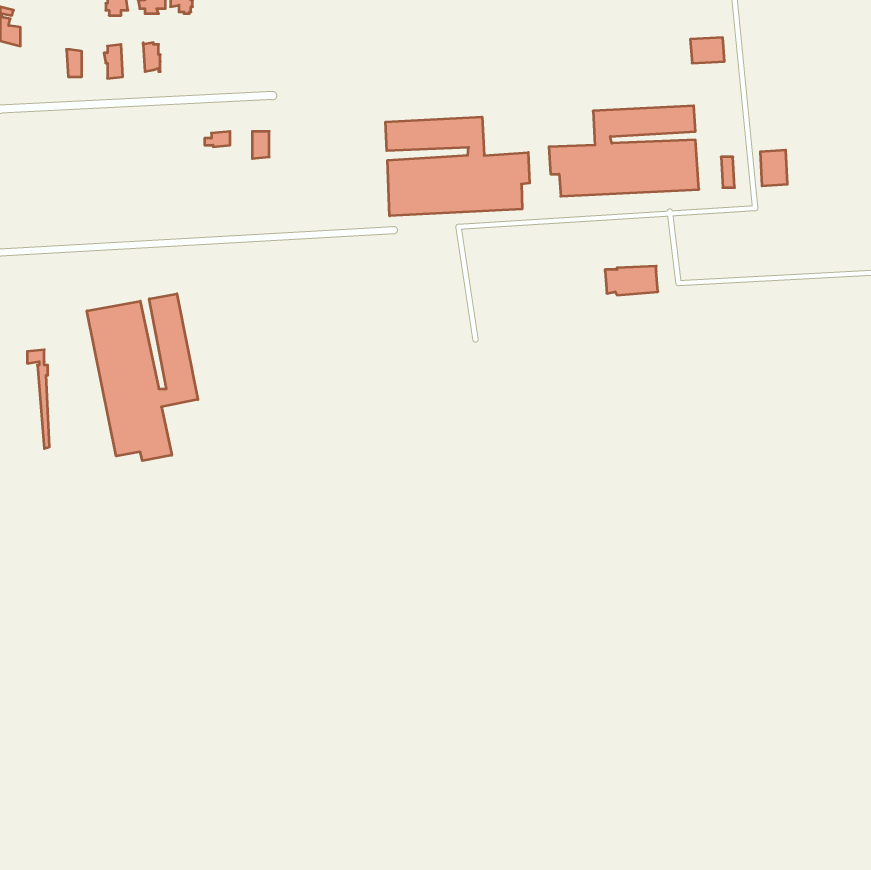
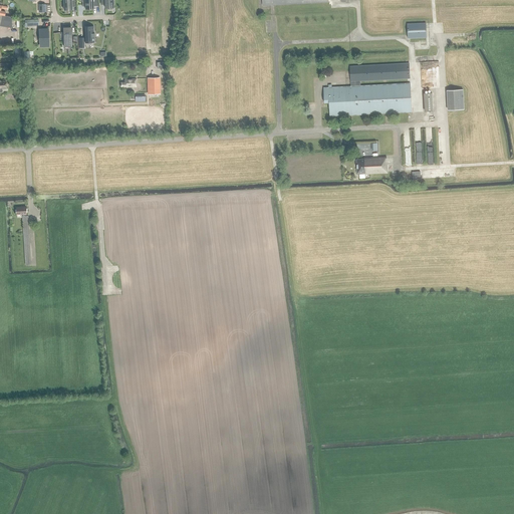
building: [386,117,530,216] -> none
building: [87,294,198,461] -> none

